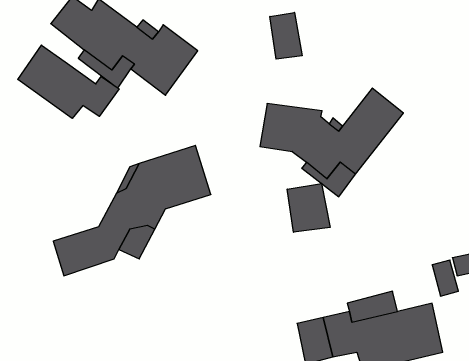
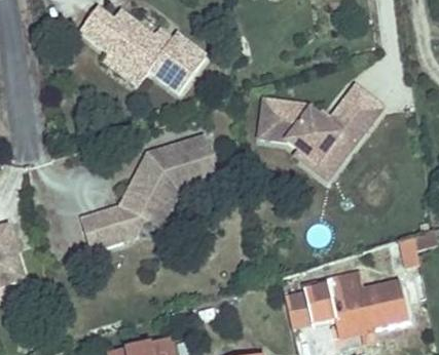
building: [270,12,302,59] -> none
building: [18,45,119,118] -> none
building: [287,183,330,232] -> none

